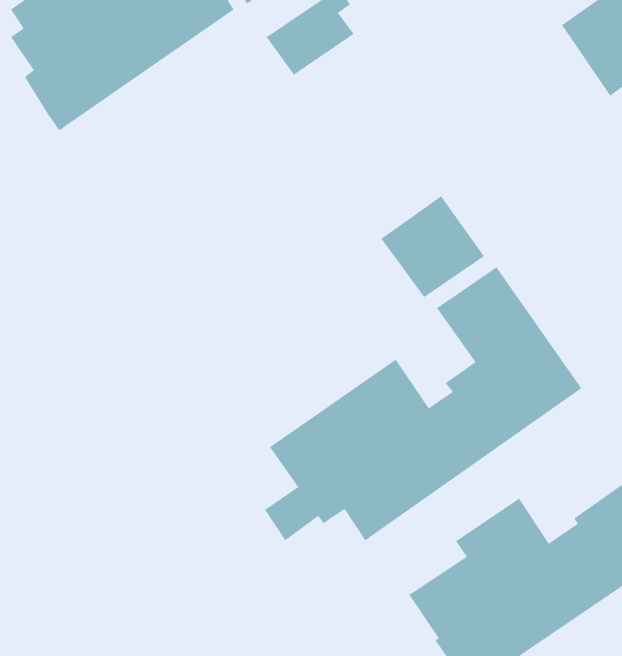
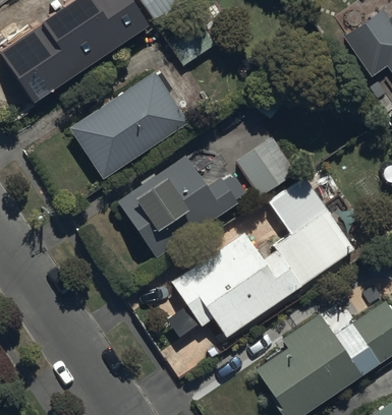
building: none -> [69,68,190,180]
building: none -> [118,154,248,258]

